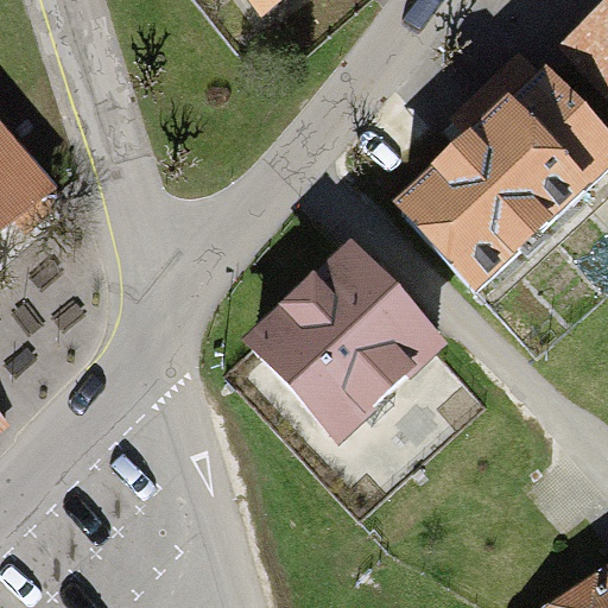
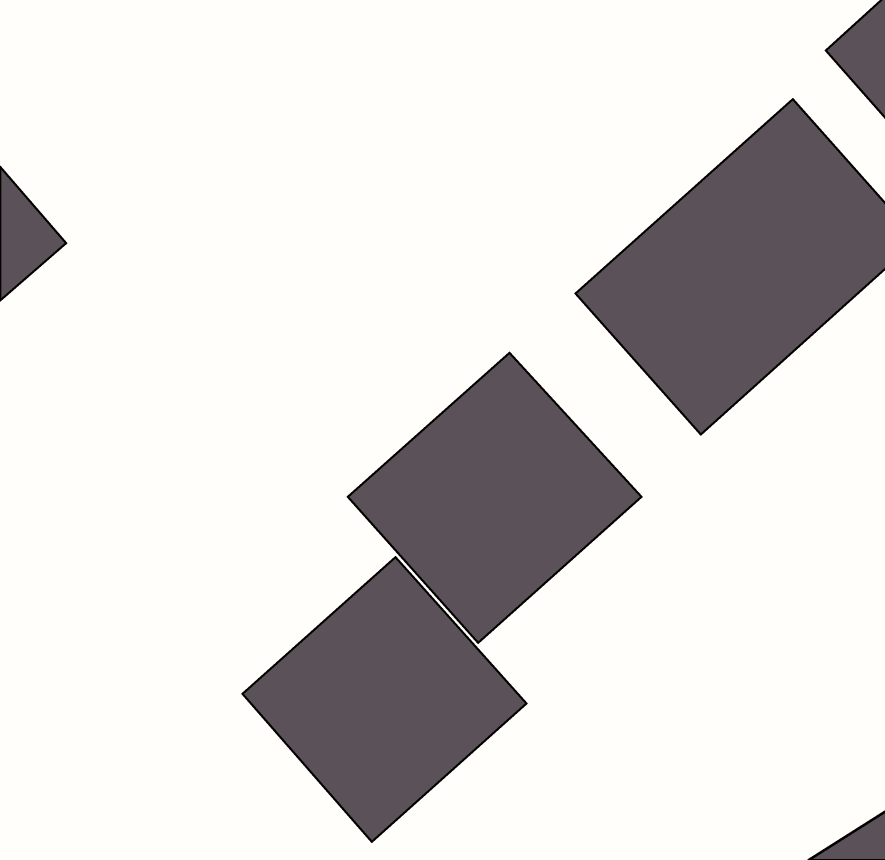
building: none -> [242,557,526,842]

